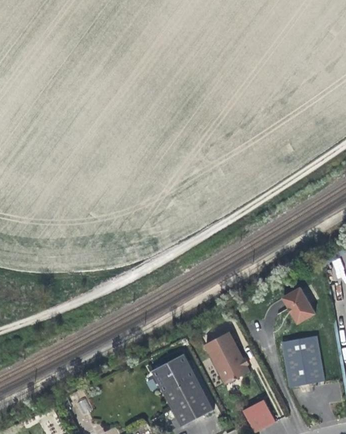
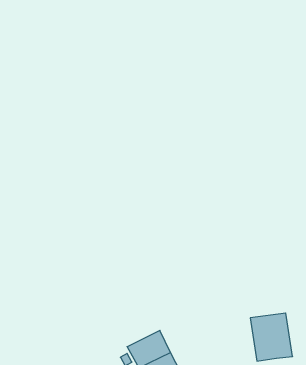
building: [283,286,314,321] -> none
building: [207,333,250,384] -> none

